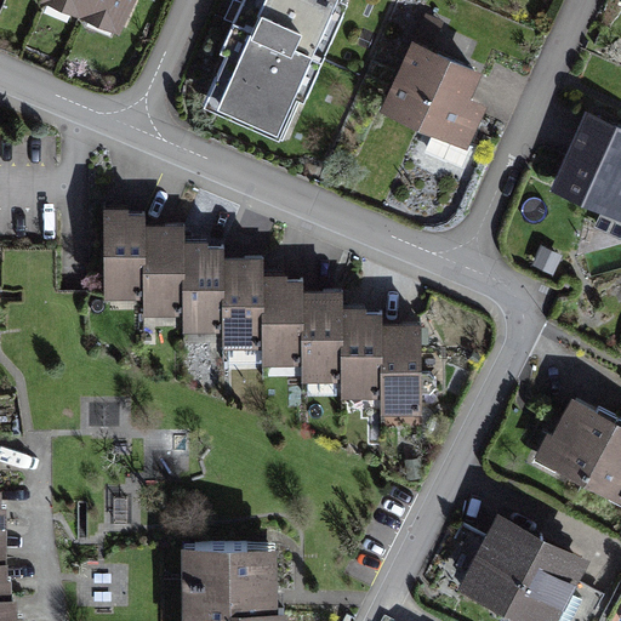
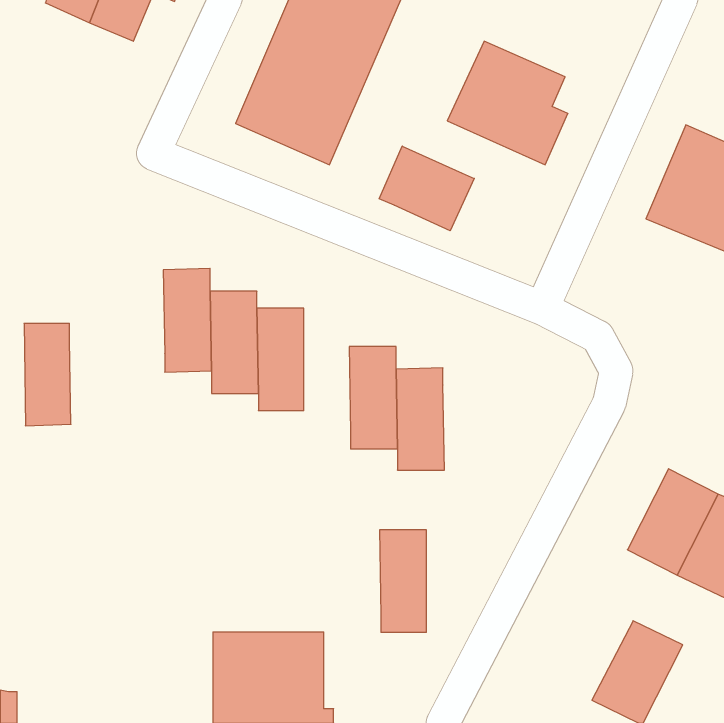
building: none -> [379,146,474,231]
building: [102,216,142,303] -> [24,323,71,426]
building: [261,281,301,369] -> none
building: [380,329,420,416] -> [380,530,426,632]
building: [465,508,542,598] -> none

